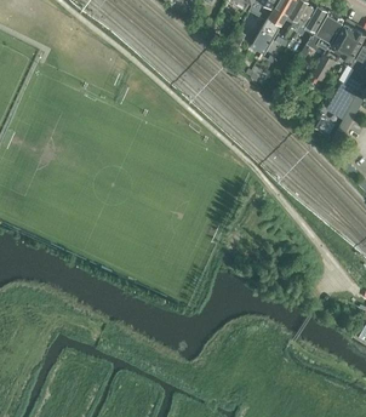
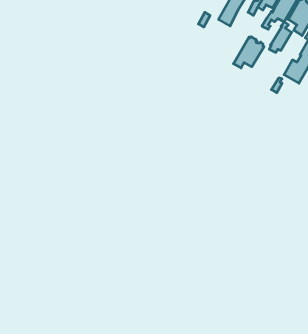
building: none -> [233,37,264,68]

